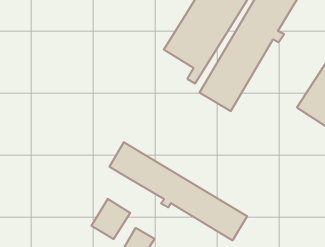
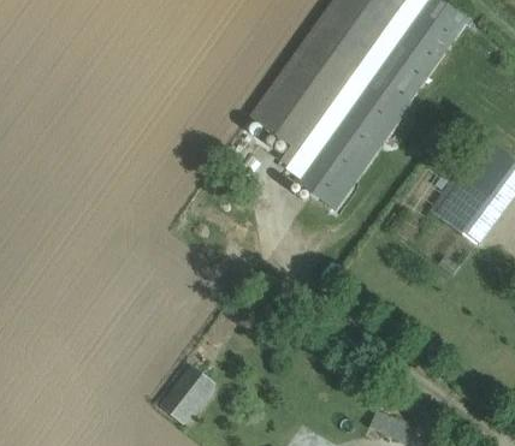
building: [110,142,247,240] -> none
building: [92,199,130,239] -> none

